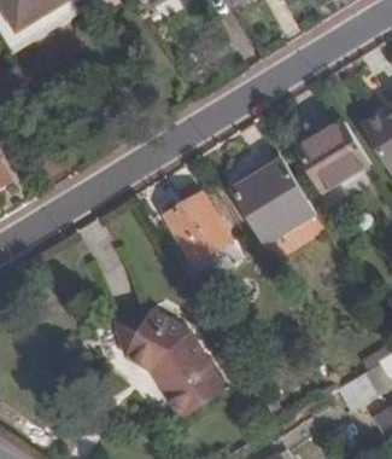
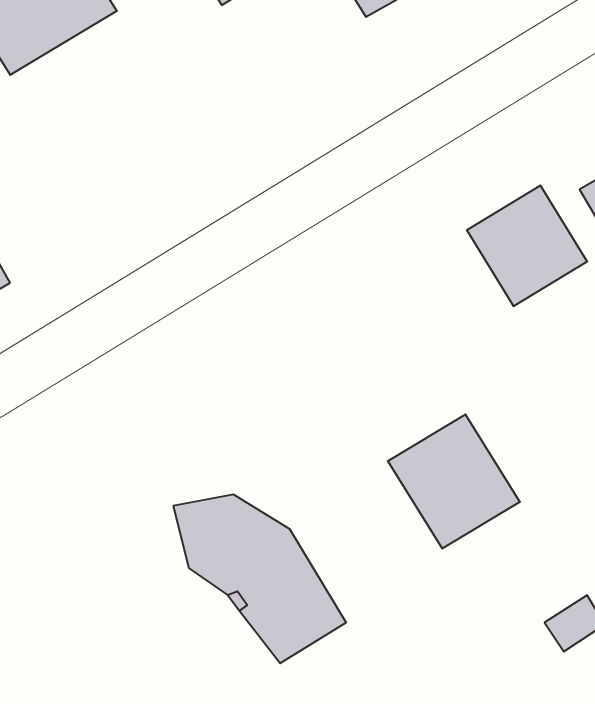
building: [232,158,314,242] -> [388,414,520,548]
building: [164,193,228,260] -> none

